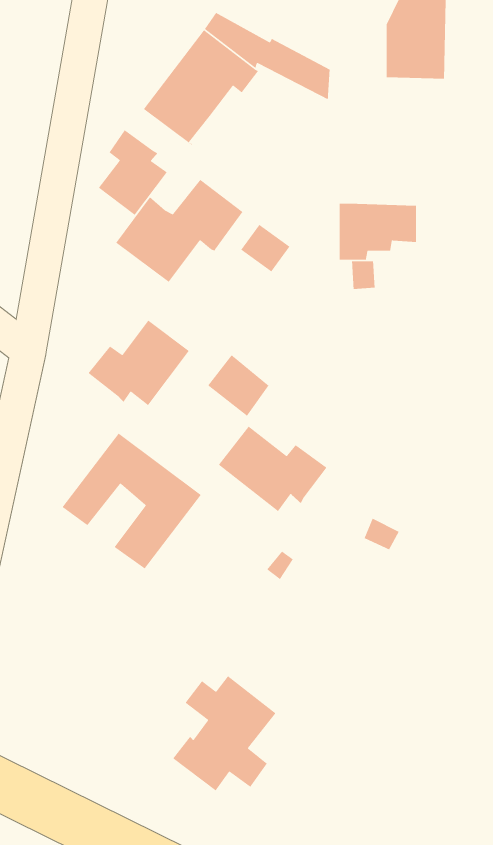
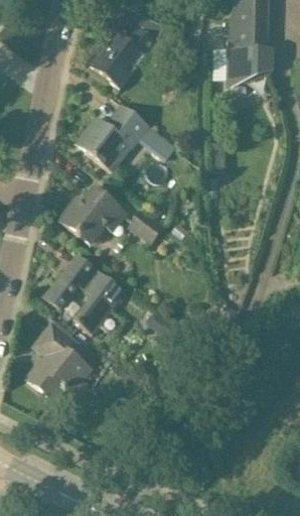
building: [98,129,168,216] -> none
building: [339,203,417,260] -> [227,47,272,81]
building: [218,426,327,512] -> none
building: [172,675,276,791] -> [27,329,88,396]

